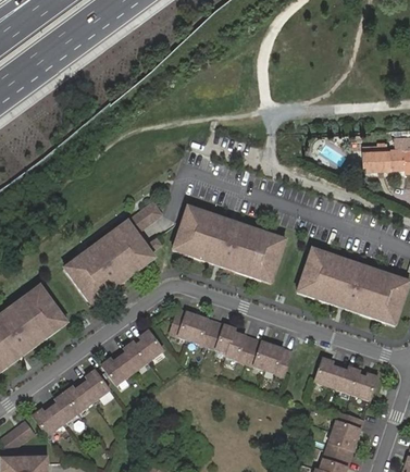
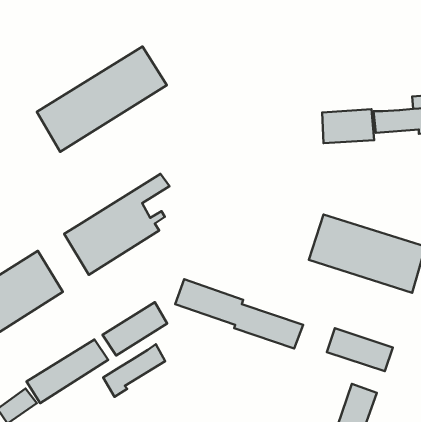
building: none -> [37,47,167,152]
building: none -> [322,109,374,143]
building: [173,209,286,284] -> none
building: none -> [103,344,165,397]

